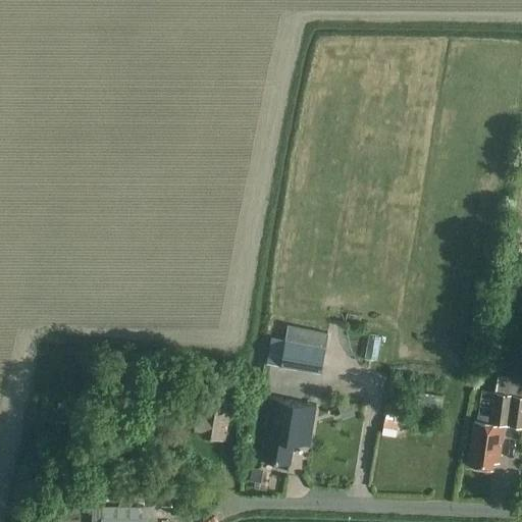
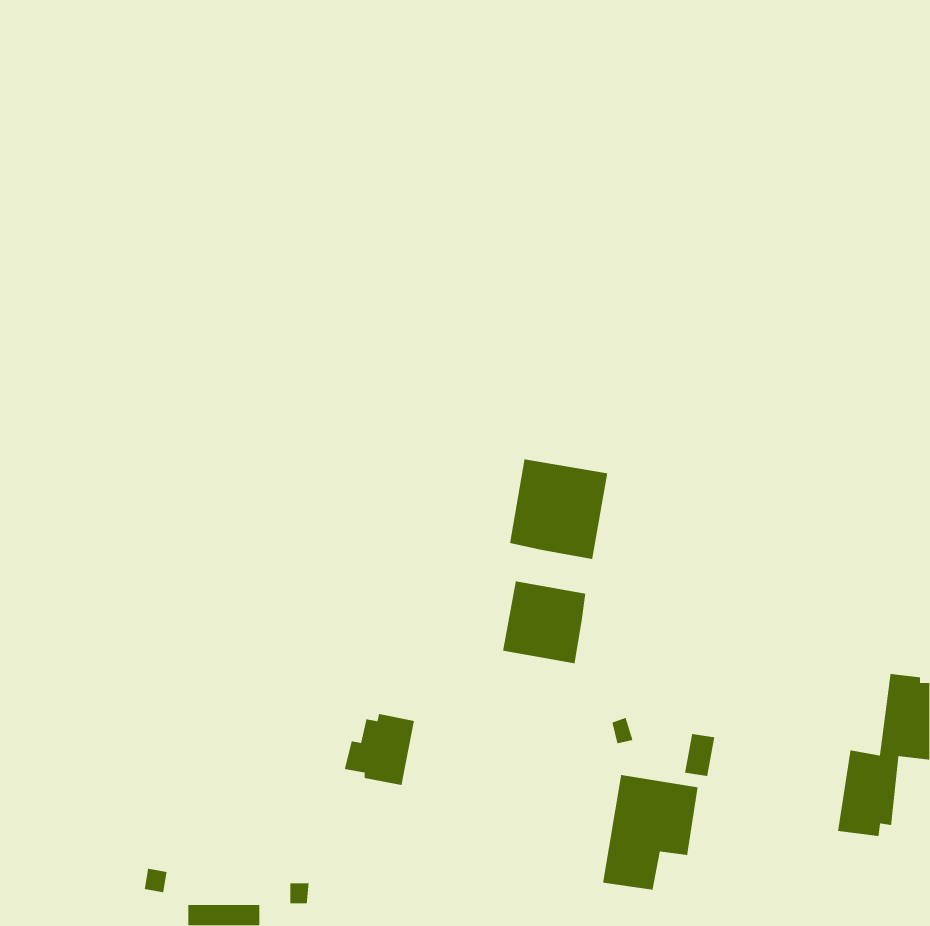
building: none -> [509,459,608,560]
building: [262,400,316,465] -> [602,774,699,890]

